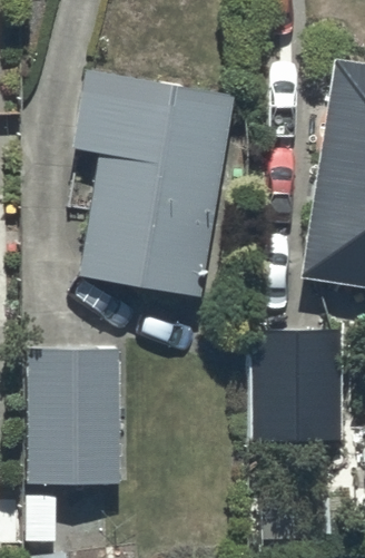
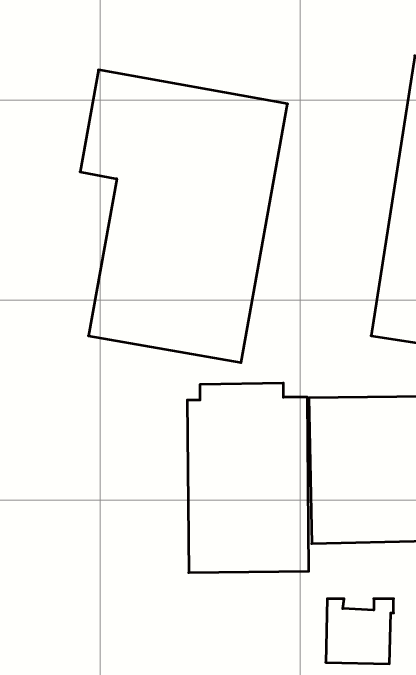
building: [27,335,122,484] -> [187,383,309,573]

